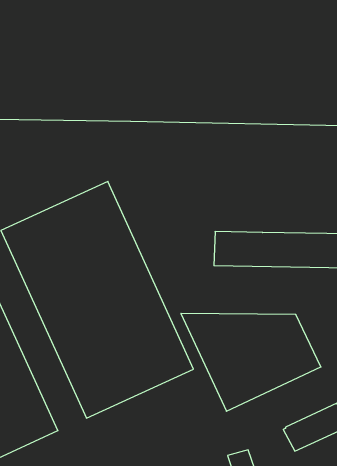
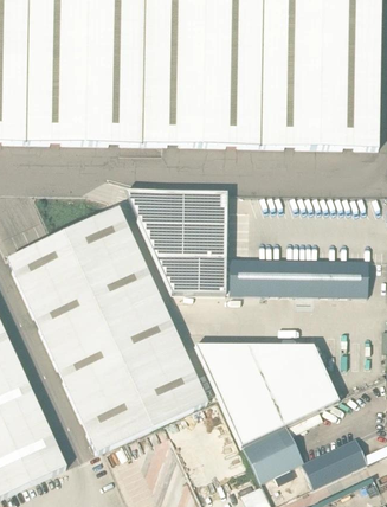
building: none -> [127,197,231,295]
building: none -> [243,428,303,484]

